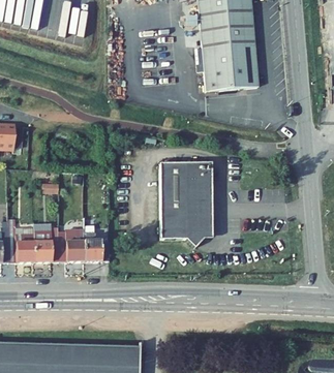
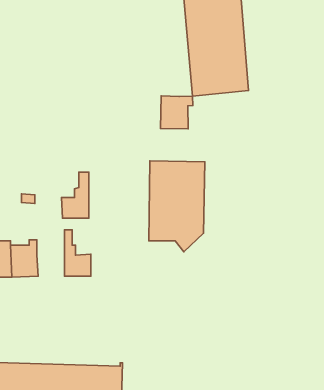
building: none -> [161,96,193,129]
building: [59,218,85,261] -> [61,172,89,218]

